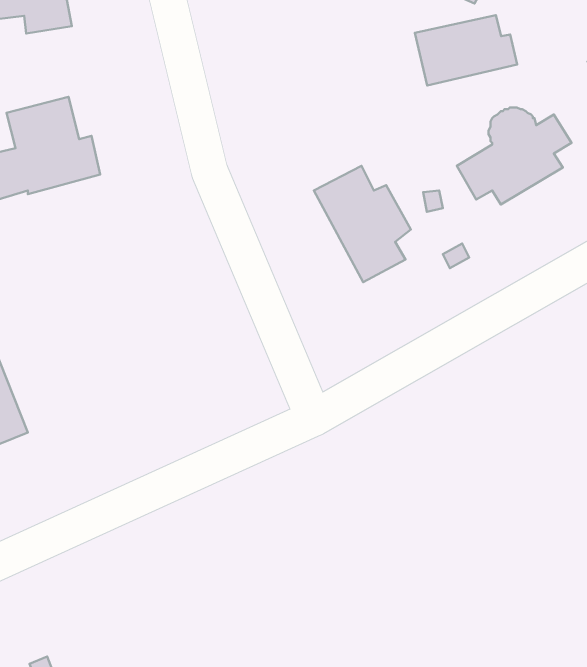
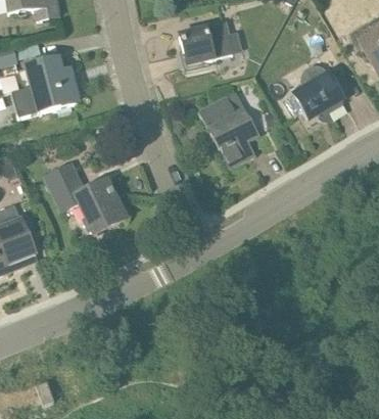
building: [415,15,517,86] -> [180,24,239,64]
building: none -> [43,158,126,233]

